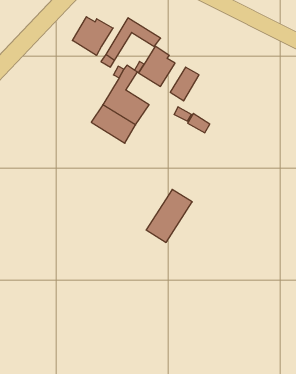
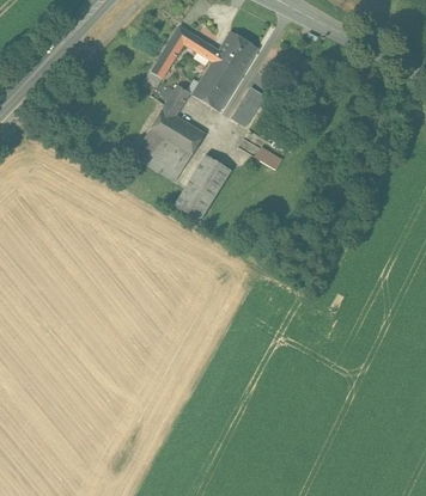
building: [72,17,113,55] -> none
building: none -> [212,31,257,81]
building: [146,189,192,242] -> [174,154,231,220]

